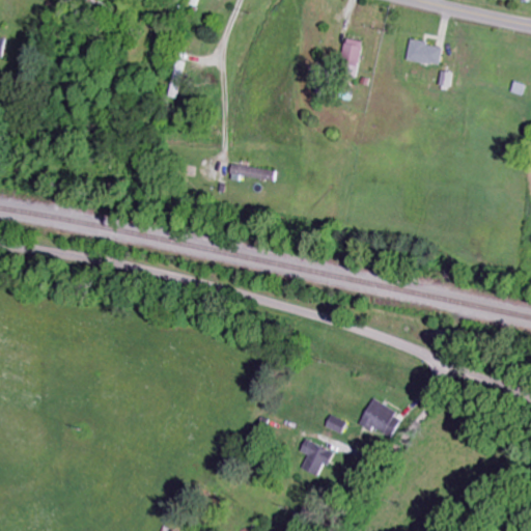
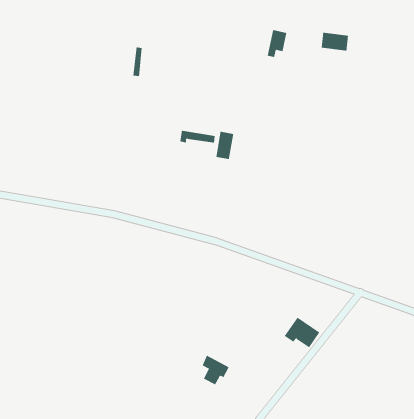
building: none -> [216,131,234,160]
building: [300,438,335,476] -> [202,355,230,385]

